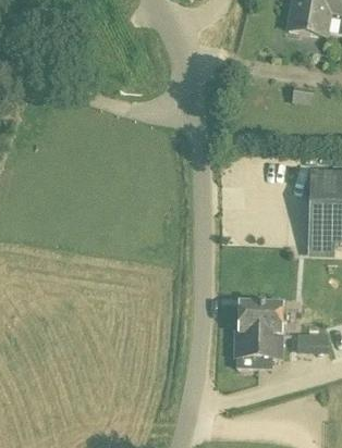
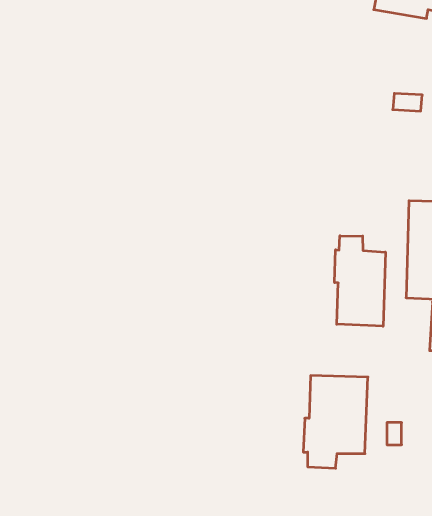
building: none -> [335,236,385,326]

